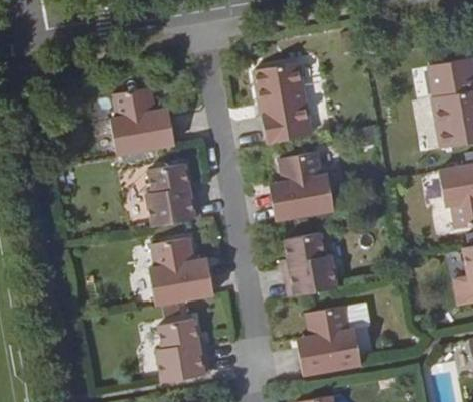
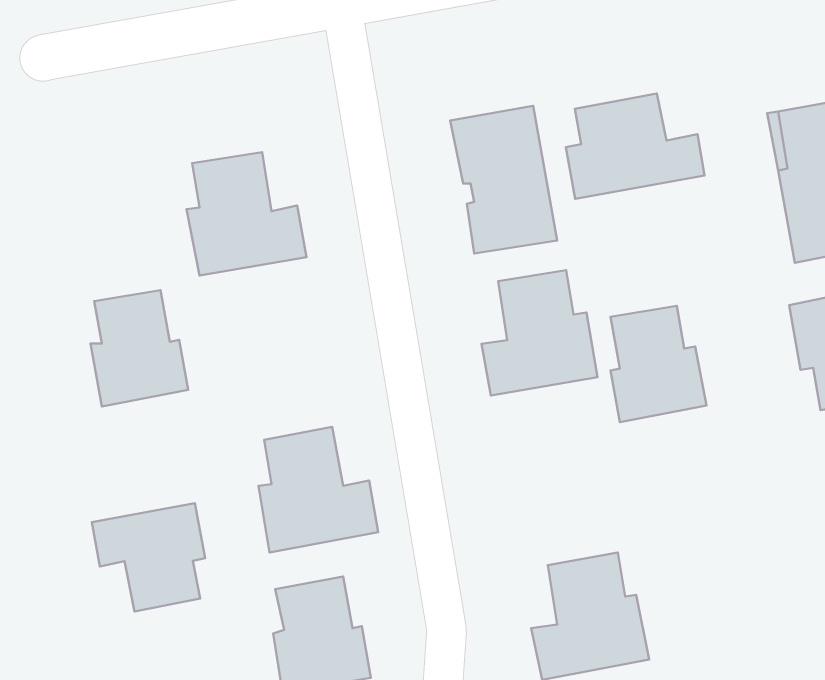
building: none -> [566,94,704,199]
building: [146,164,199,227] -> [91,290,188,406]
building: [284,233,336,296] -> [611,306,706,422]
building: none -> [92,503,205,611]

